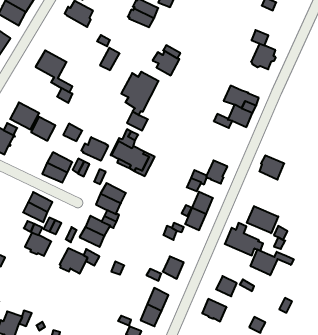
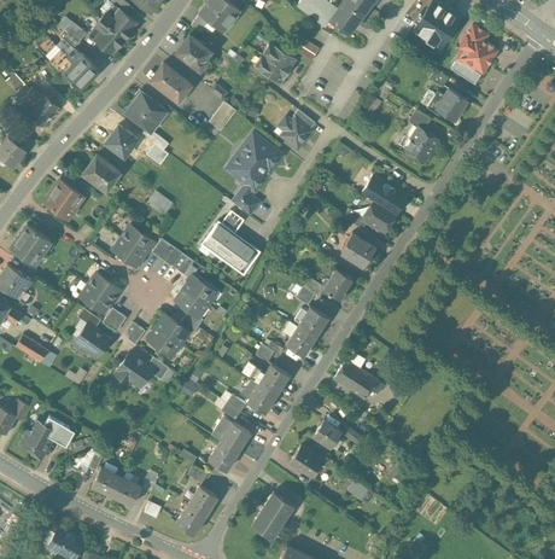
building: none -> [427,89,467,121]
building: none -> [150,64,192,103]
building: [31,117,55,141] -> [105,126,138,158]
building: [81,137,108,161] -> none
building: [259,155,284,180] -> [341,234,375,268]
building: [247,206,278,233] -> none
building: none -> [249,365,288,395]
building: [251,249,294,275] -> none

